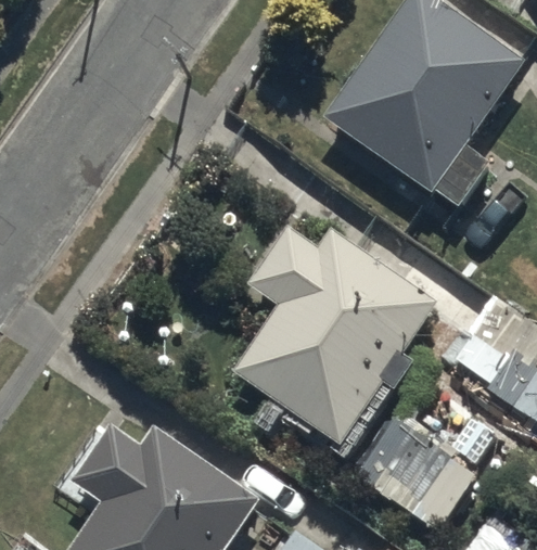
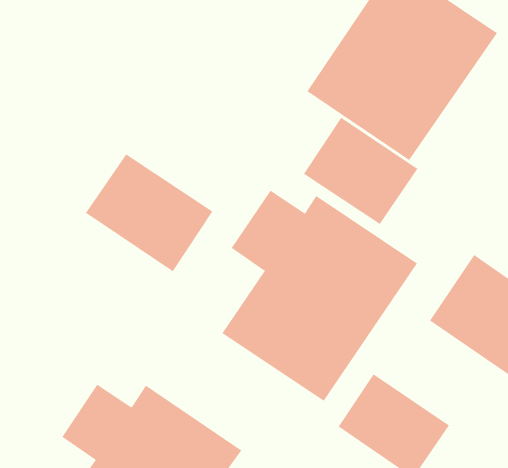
building: none -> [303,117,418,225]
building: none -> [85,153,213,272]

